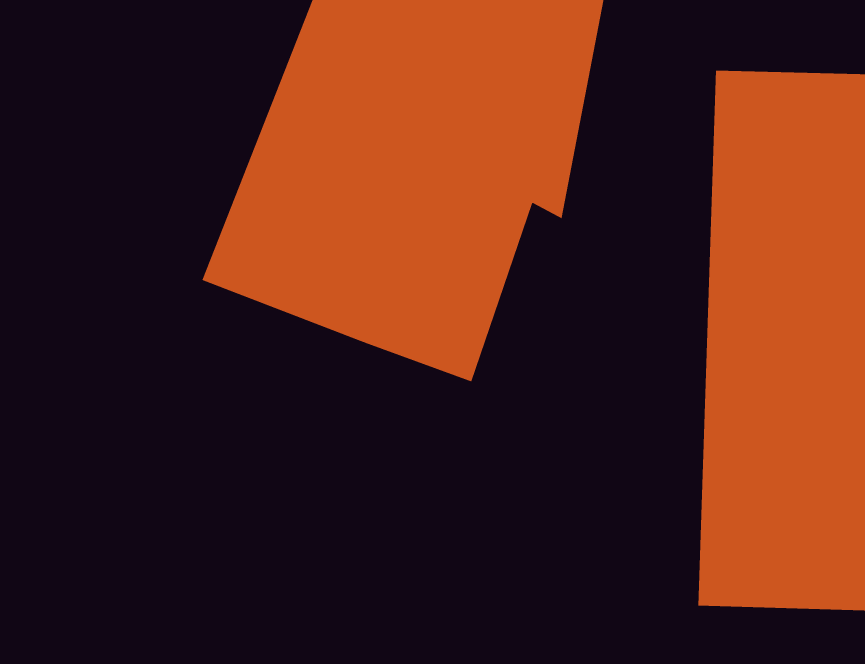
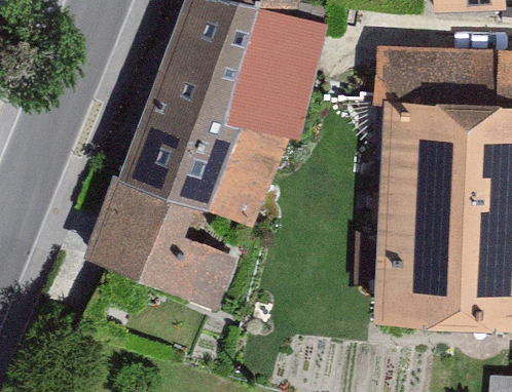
building: none -> [85,161,239,296]

